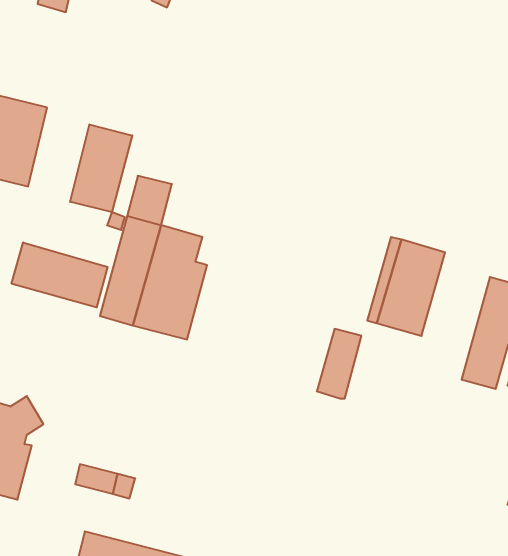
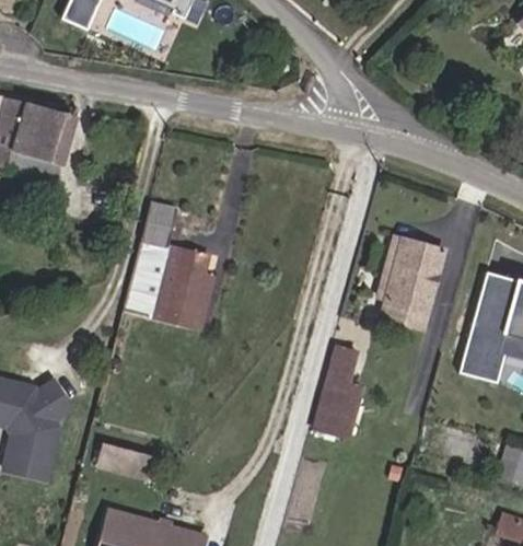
building: [70,124,132,212] -> none
building: [12,242,108,307] -> none
building: none -> [310,382,359,441]

